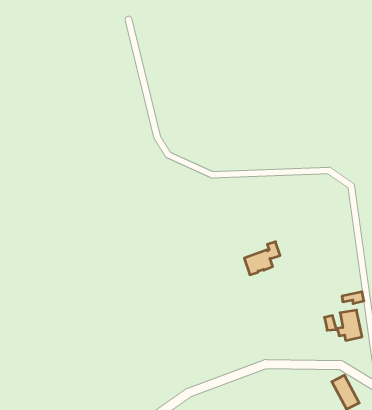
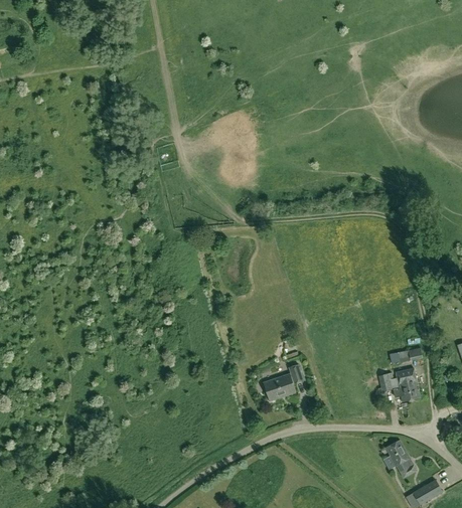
building: [244,242,280,275] -> [263,364,302,400]

